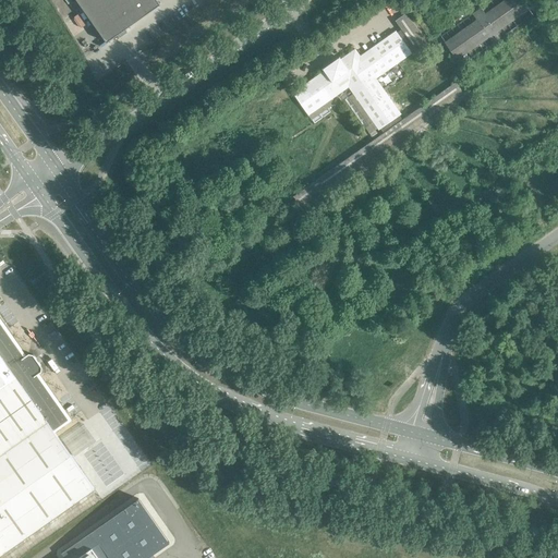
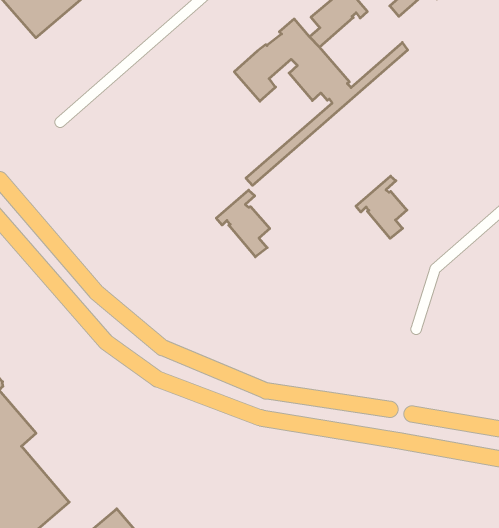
building: none -> [216,190,270,257]
building: none -> [356,176,407,238]

